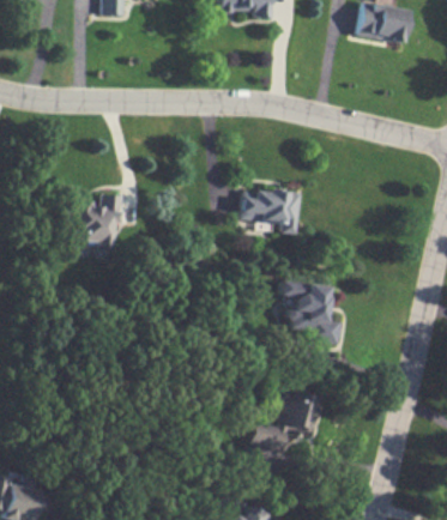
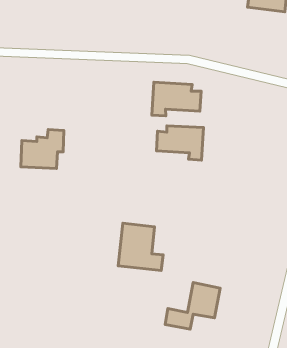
building: none -> [152,82,201,116]
building: [284,280,342,341] -> [118,223,163,271]

